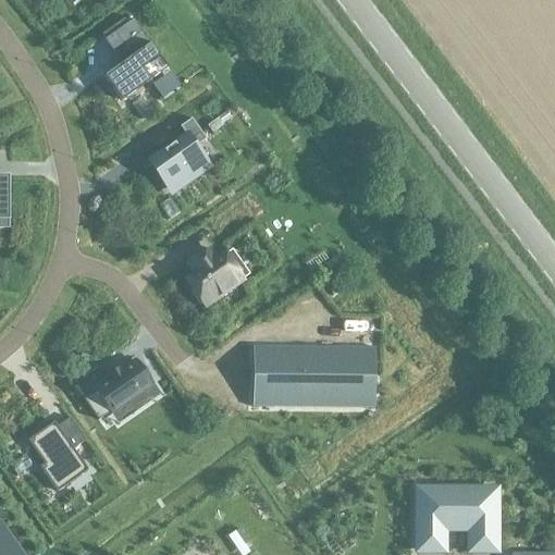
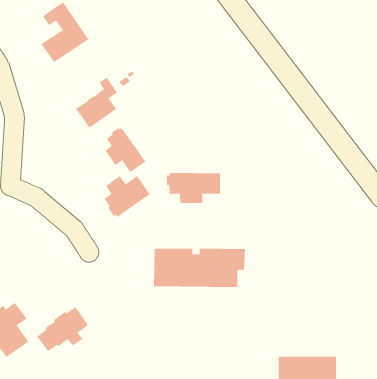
building: none -> [105,127,146,173]
building: none -> [166,172,220,204]
building: [84,359,153,420] -> [36,306,89,352]

